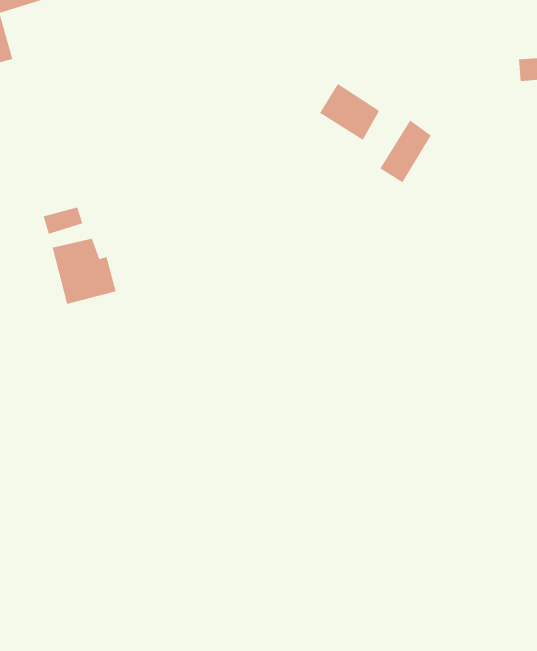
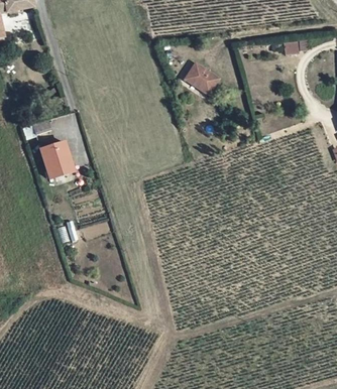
building: [379,120,431,183] -> none

